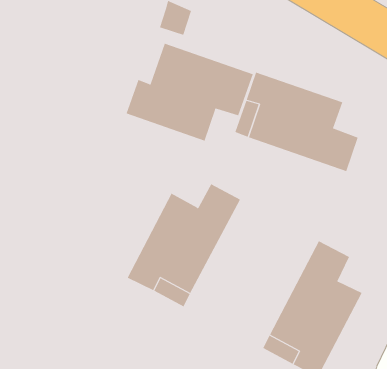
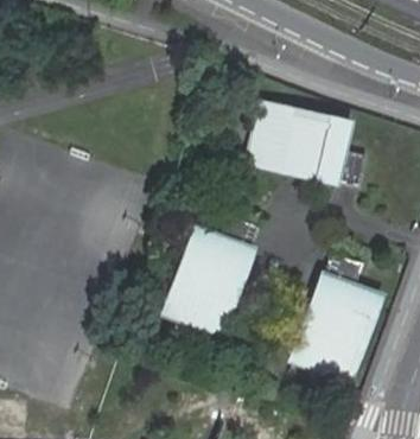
building: [126,43,254,141] -> none

